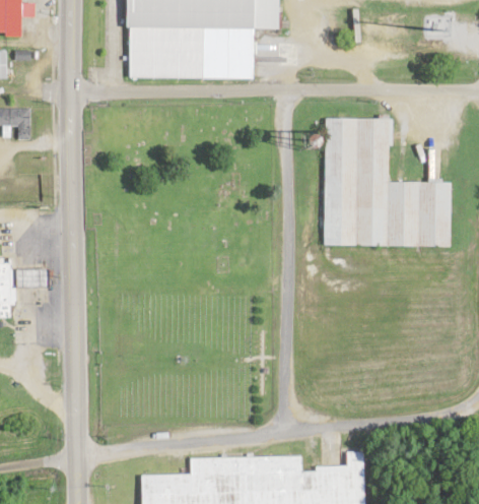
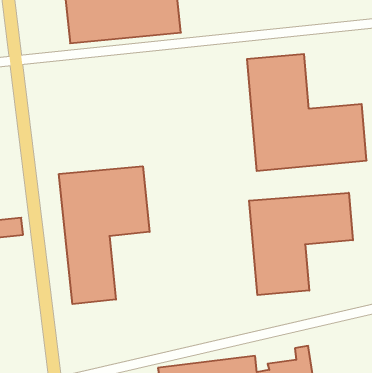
building: none -> [59,166,150,304]
building: none -> [249,193,353,295]

